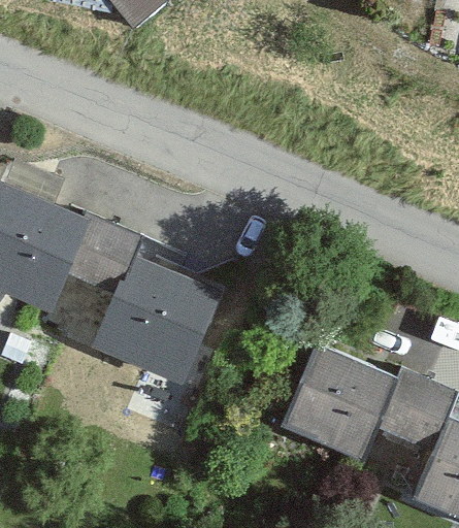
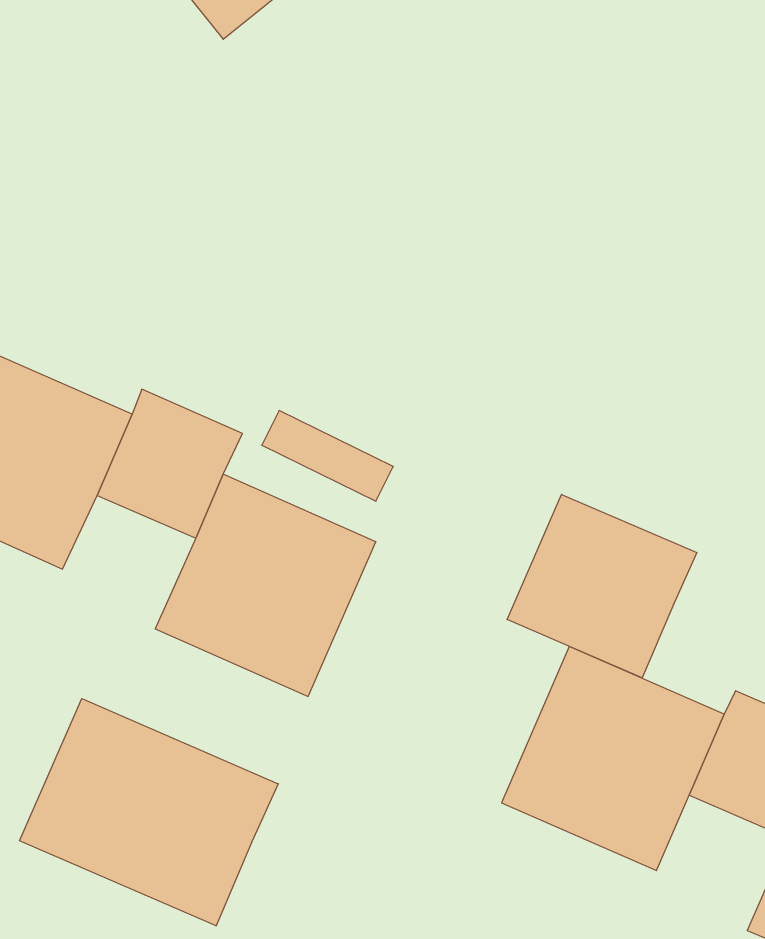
building: none -> [507,494,697,678]
building: none -> [19,699,278,926]

